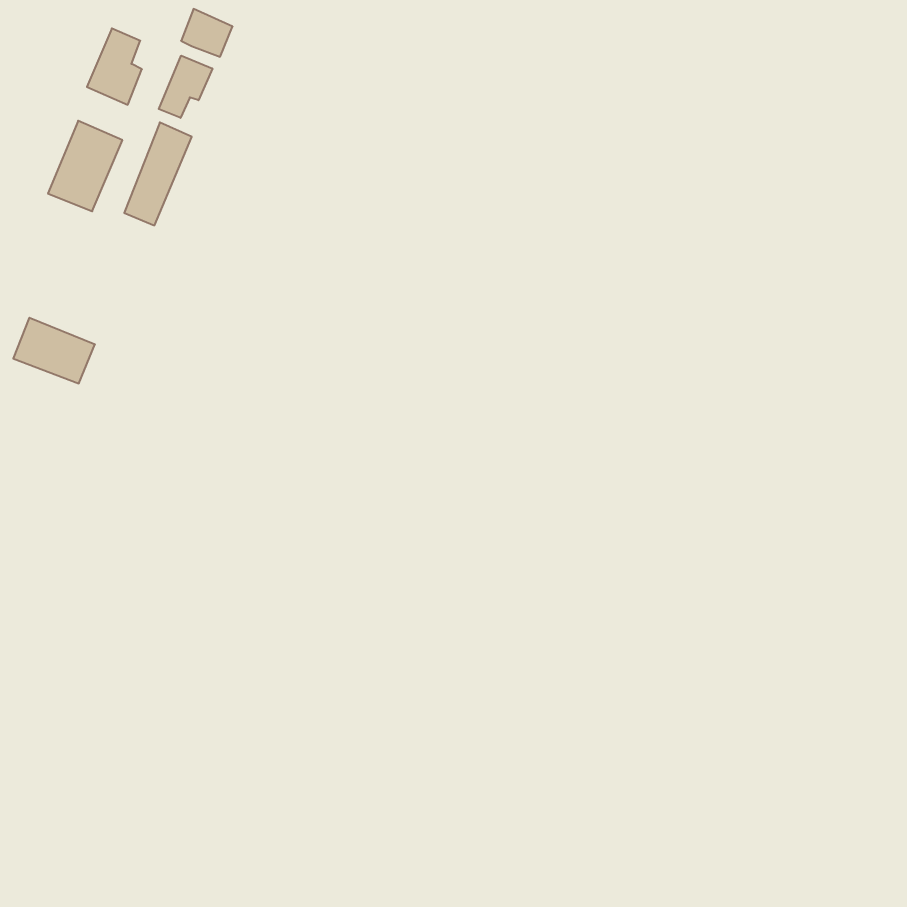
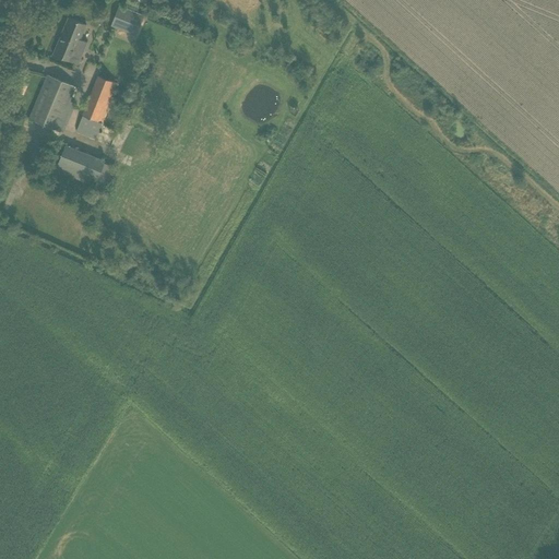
building: [159,56,212,118] -> none
building: [13,318,95,383] -> [55,145,105,186]

